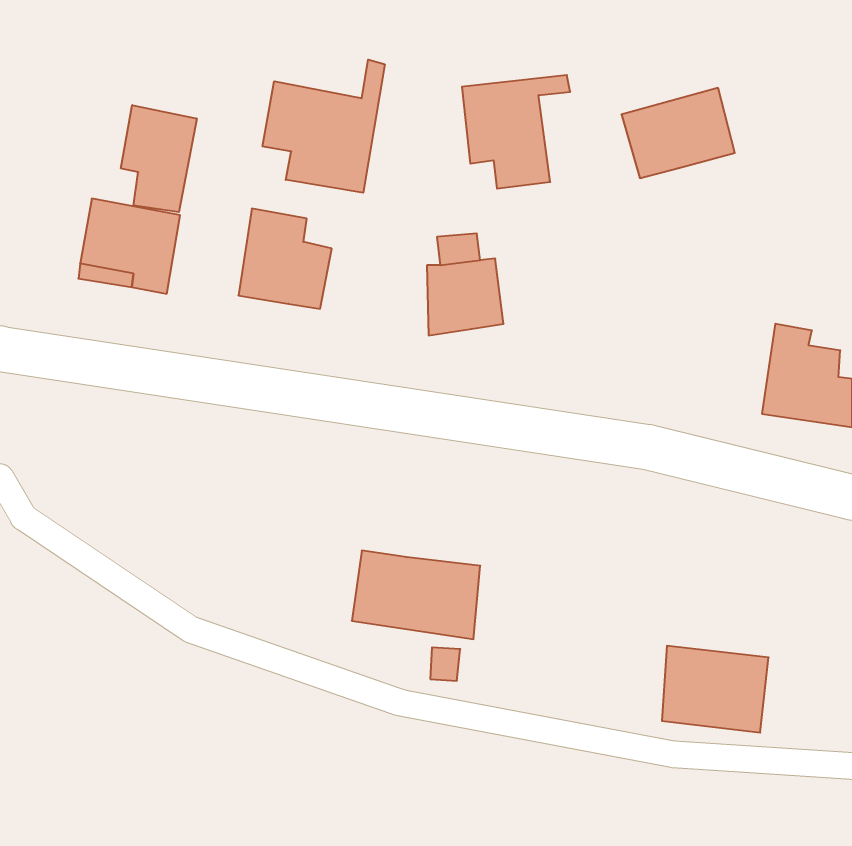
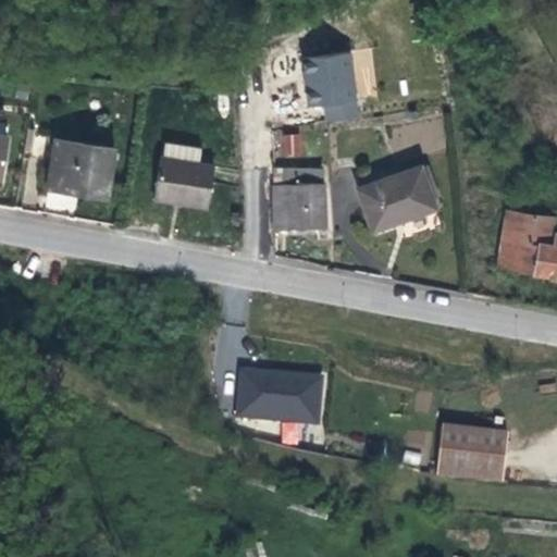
building: [263,60,385,193] -> none
building: [621,88,735,178] -> [366,171,440,230]
building: [121,105,197,212] -> none

